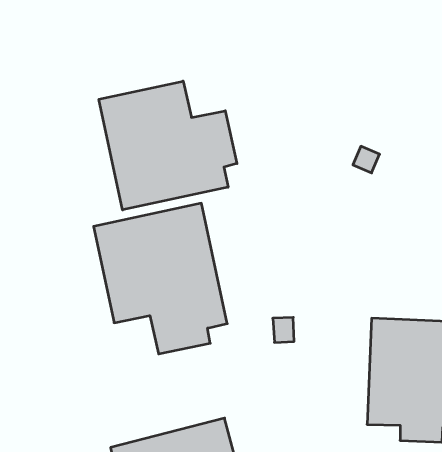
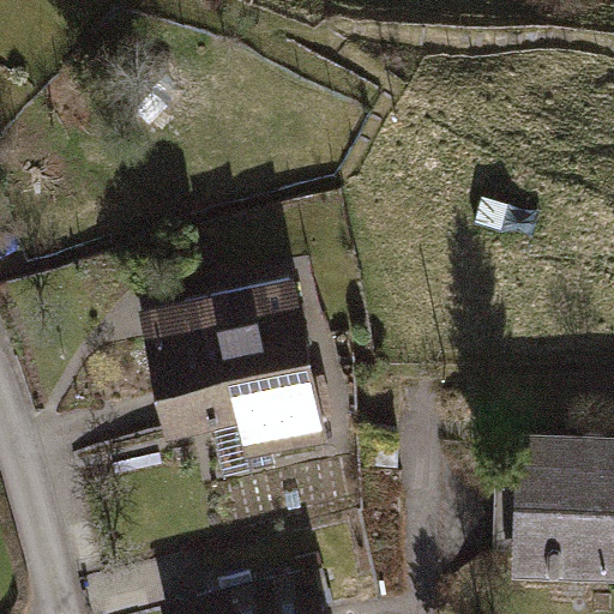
building: [99,81,237,210] -> none

